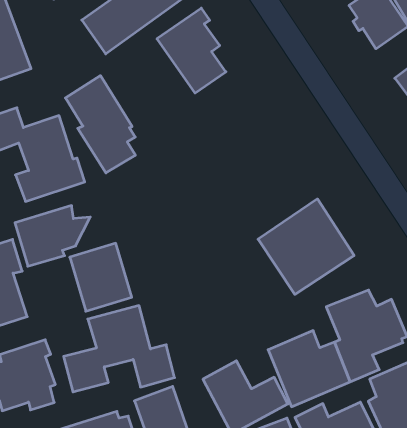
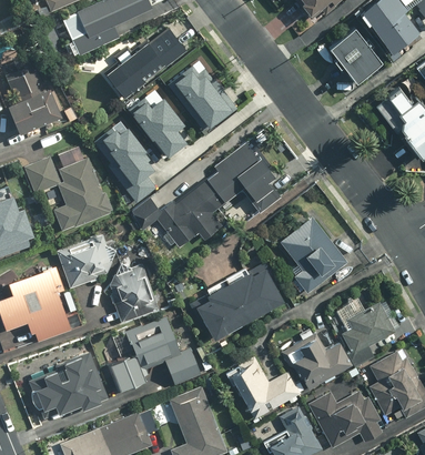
building: none -> [124,87,185,161]
building: none -> [131,140,275,249]
building: none -> [183,263,286,344]

